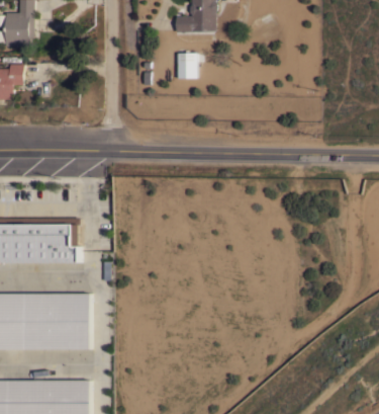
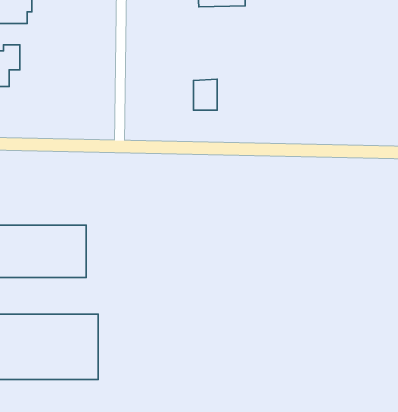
building: [175,53,195,79] -> [193,79,217,110]

